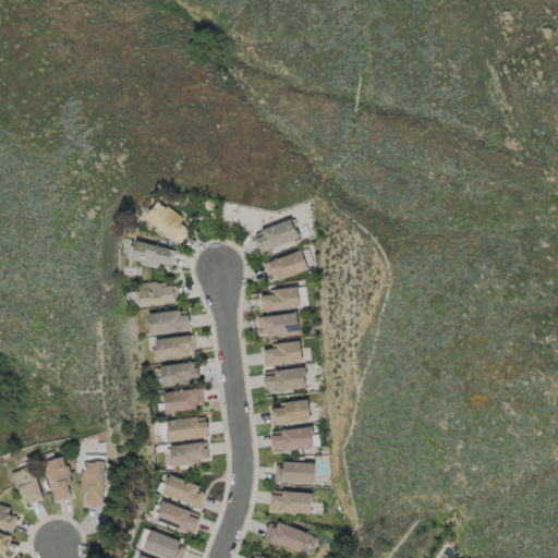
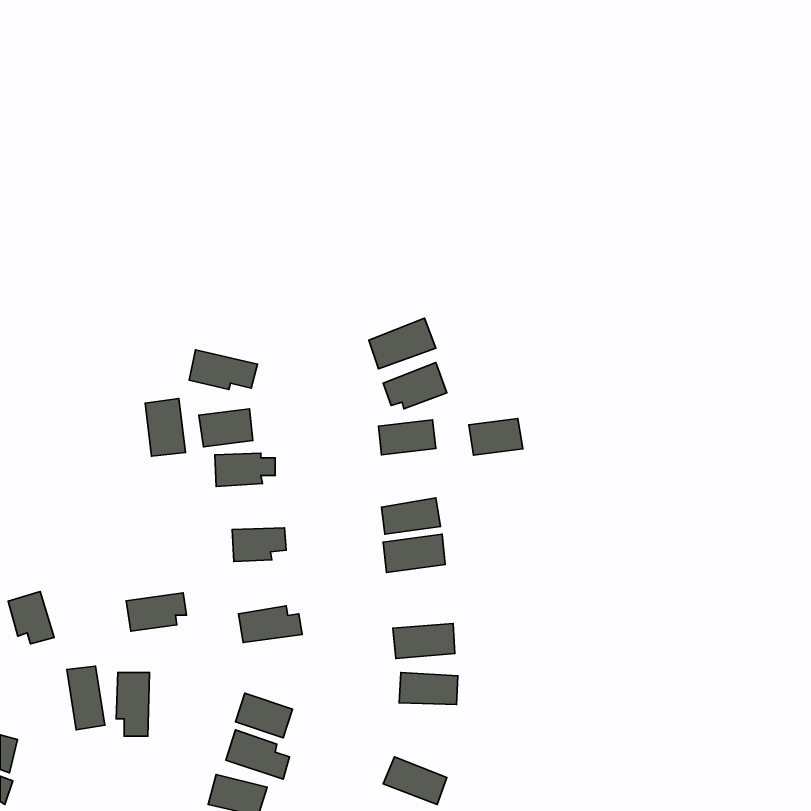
building: [143,201,187,240] -> none
building: none -> [145,398,185,456]
building: [263,313,300,338] -> [469,419,523,455]
building: [156,337,191,360] -> none
building: [162,388,204,414] -> [126,593,186,631]
building: [270,400,311,425] -> none
building: [170,444,206,466] -> none
building: [12,466,44,502] -> [8,592,54,644]
building: [270,493,312,513] -> none

